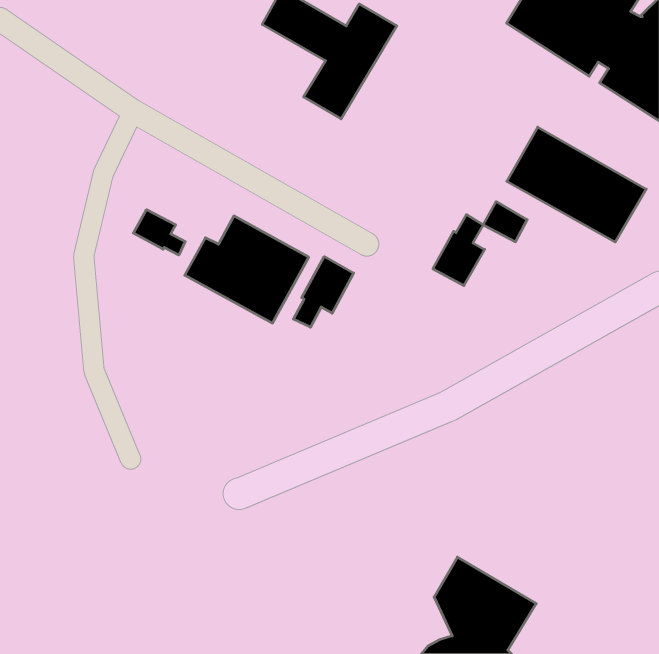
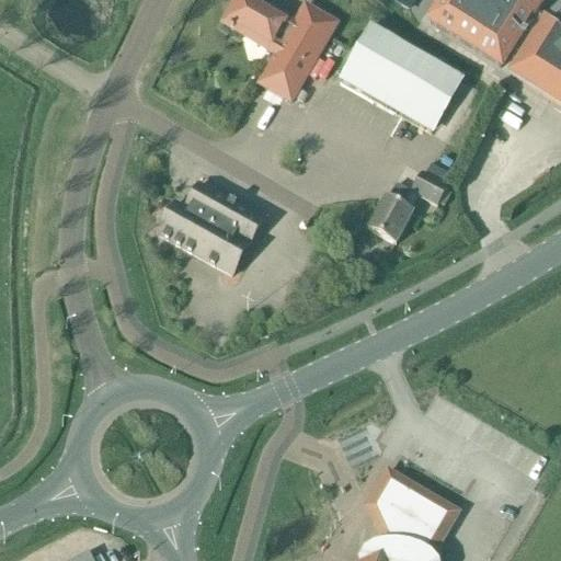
building: [507,127,646,242] -> [345,26,463,124]
building: [133,210,185,255] -> none
building: [293,257,354,327] -> none

